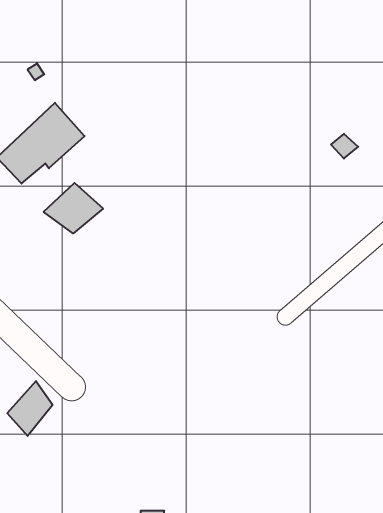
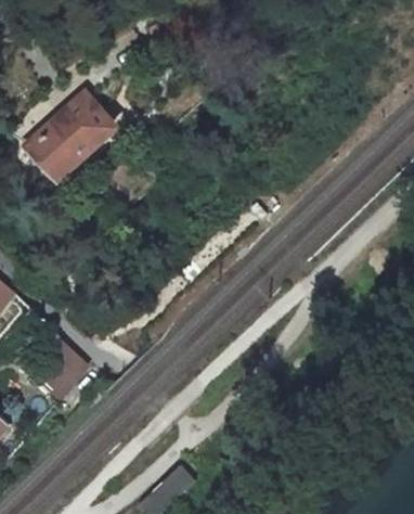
building: [44,183,103,233] -> none

